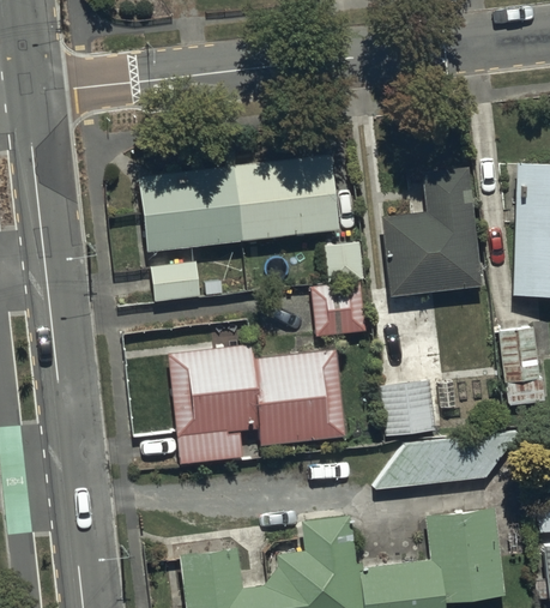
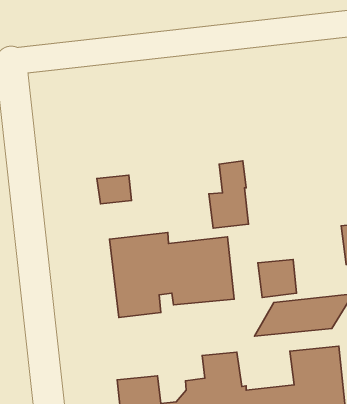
building: [138,155,338,252] -> none
building: [381,167,482,295] -> none

